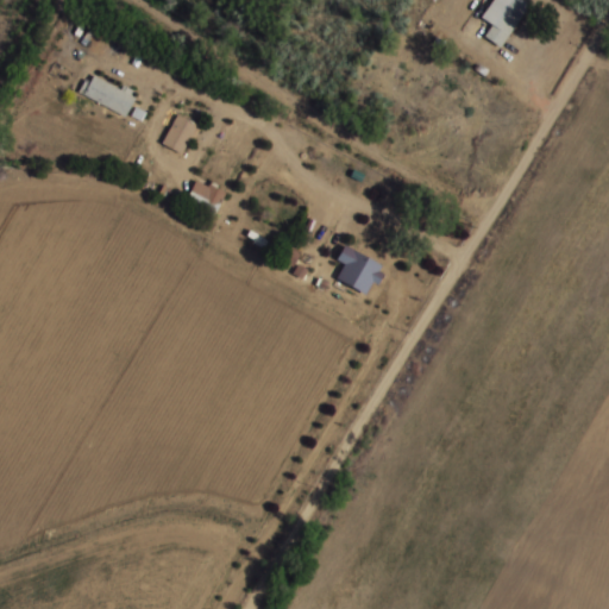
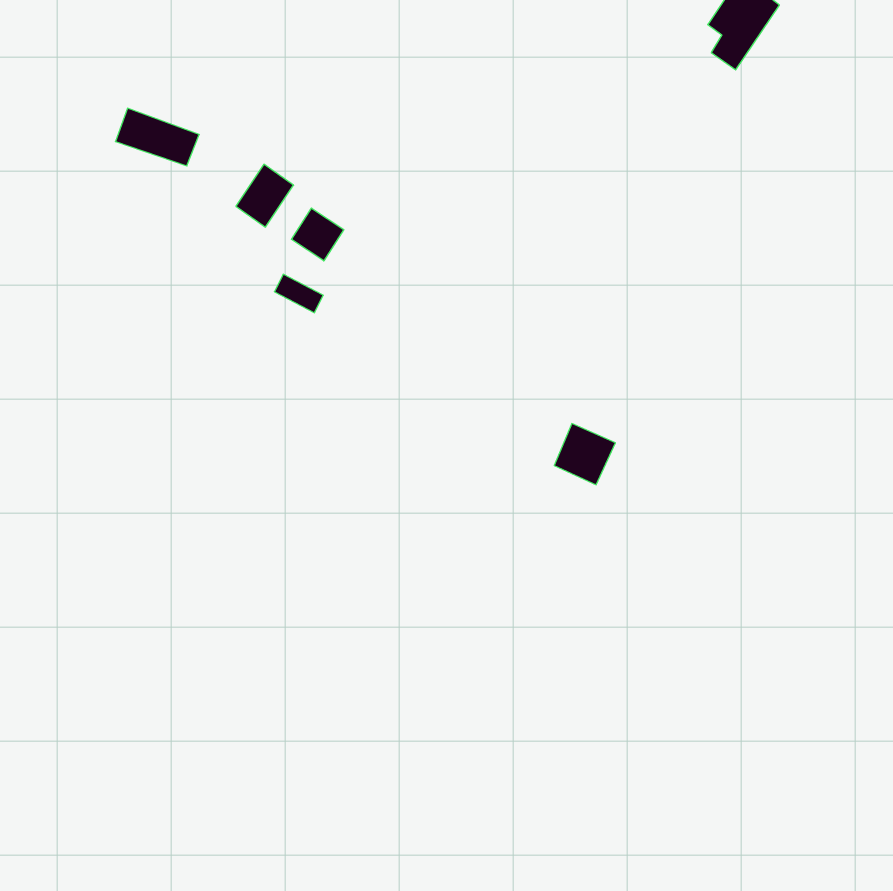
building: none -> [291,208,344,261]
building: [339,250,381,291] -> [554,424,615,485]

